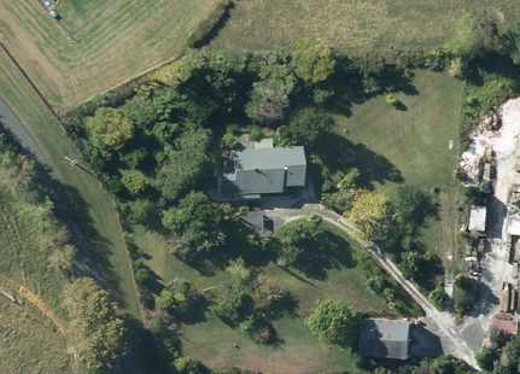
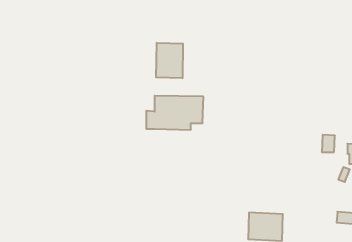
building: none -> [156,43,183,78]

